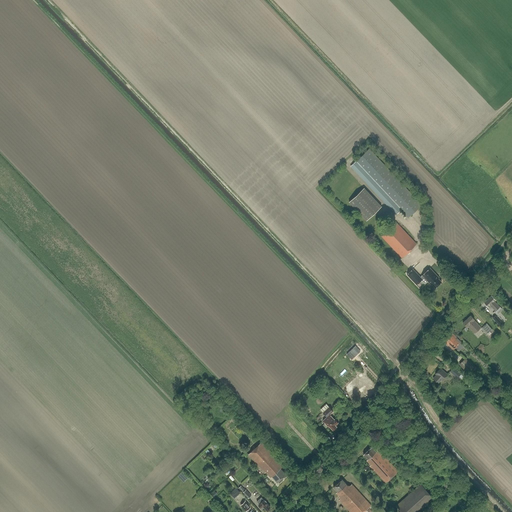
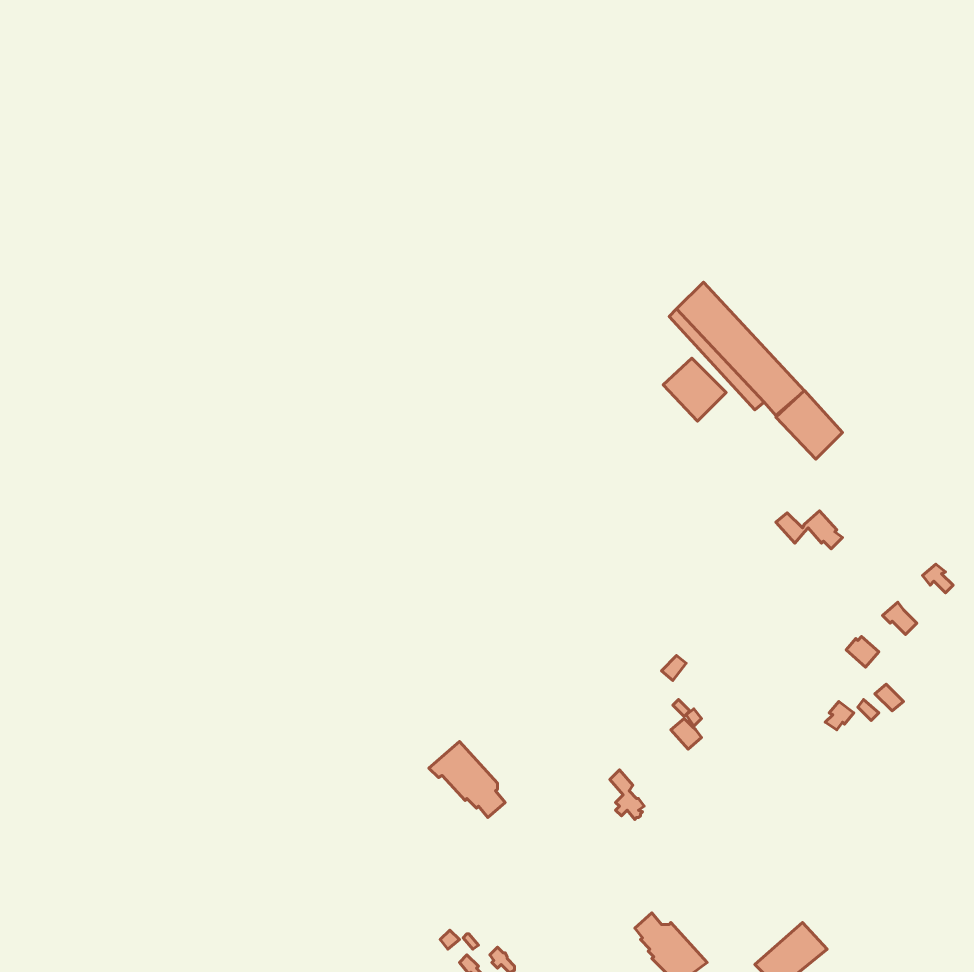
building: [381,223,416,259] -> [776,391,843,459]
building: [246,443,286,483] -> [429,741,505,818]
building: [363,448,398,484] -> none

